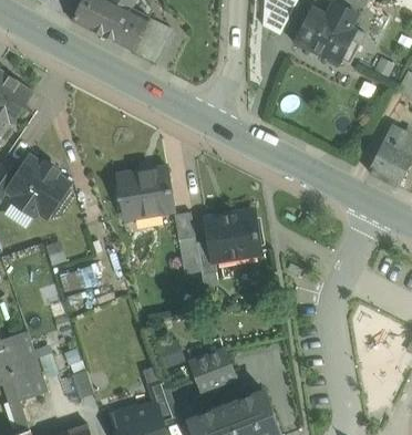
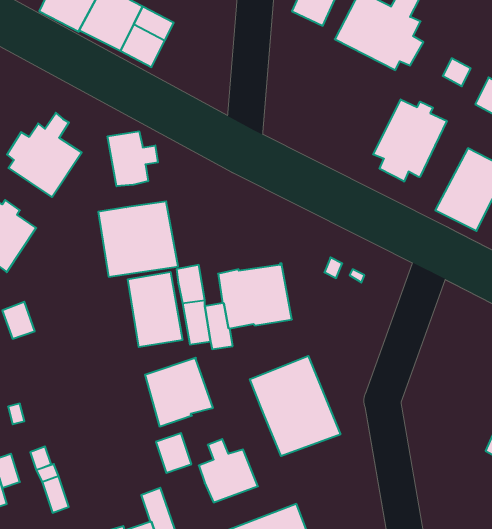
building: none -> [373,99,447,182]
building: none -> [7,113,82,197]
building: none -> [108,131,158,186]
building: none -> [128,272,182,347]
building: none -> [250,356,340,456]
building: none -> [145,358,213,427]

